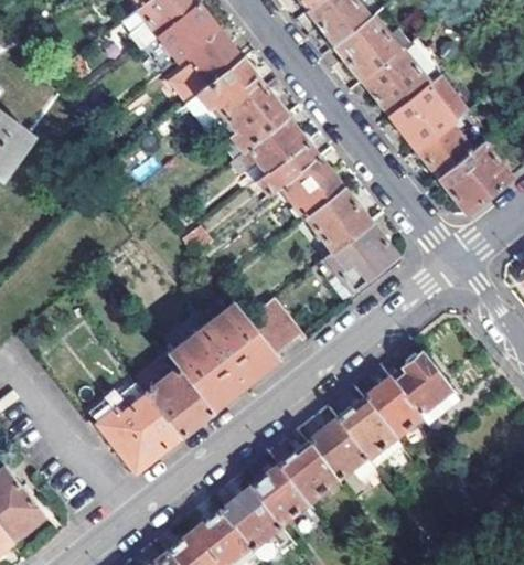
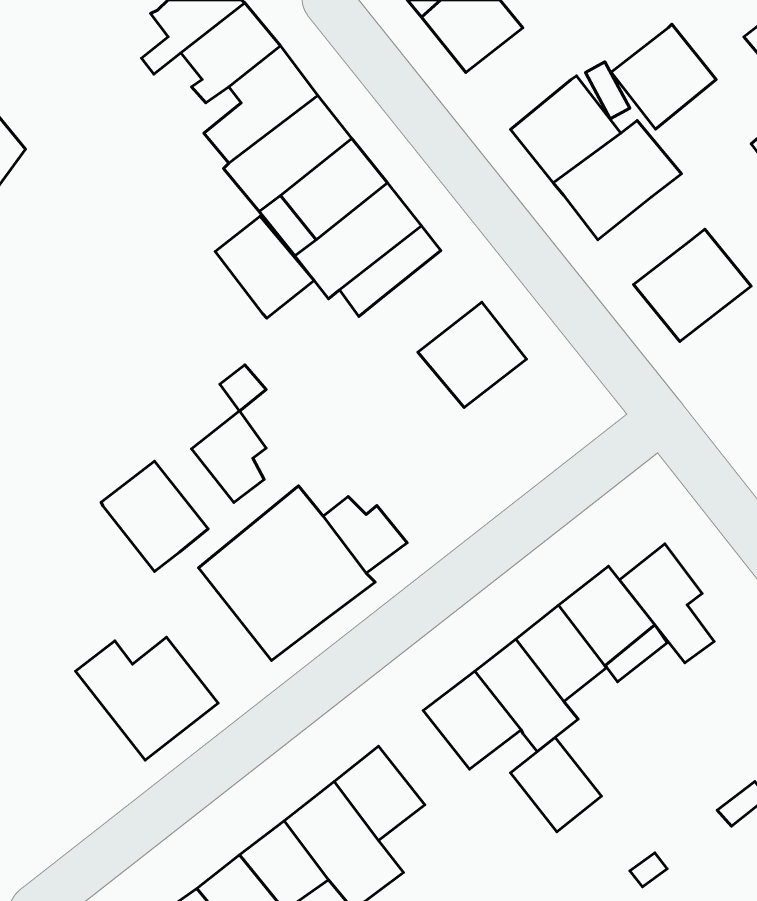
building: [334,17,399,82] -> [611,24,716,129]
building: [416,124,472,178] -> none
building: none -> [215,216,314,318]
building: [280,157,344,220] -> none
building: [325,224,398,295] -> none
building: none -> [192,411,266,503]
building: none -> [620,544,714,663]
building: [148,369,214,437] -> [101,461,208,572]
building: [280,441,336,500] -> [511,737,601,832]

